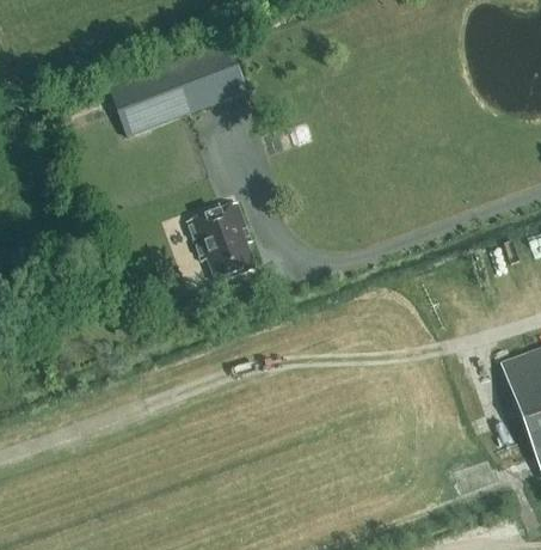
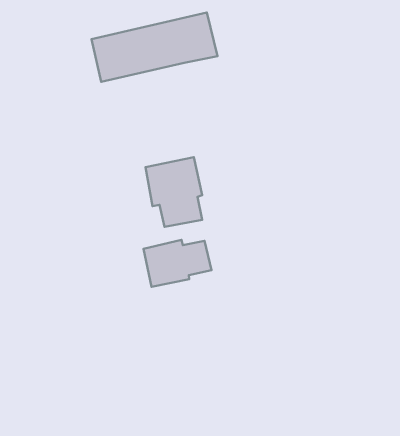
building: none -> [144,240,211,287]

